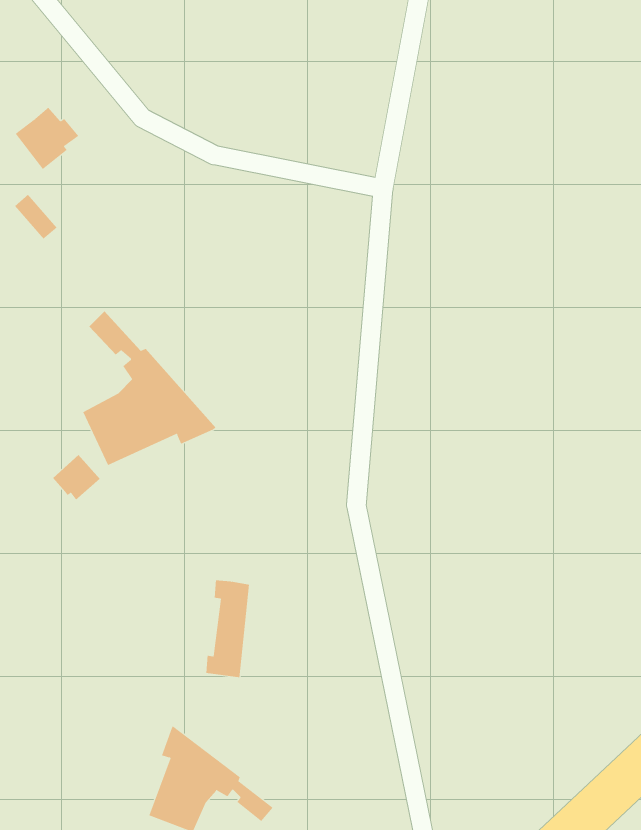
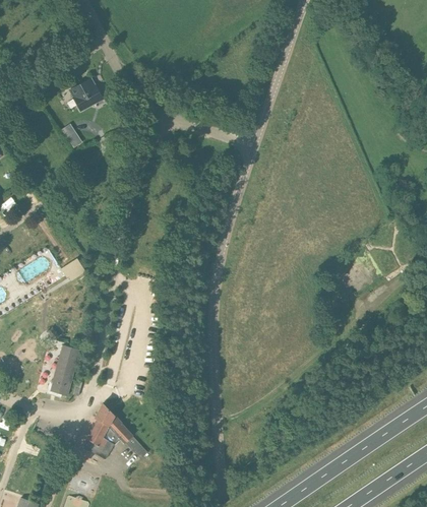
building: [82,310,216,466] -> none
building: [206,580,250,678] -> [49,344,78,396]

